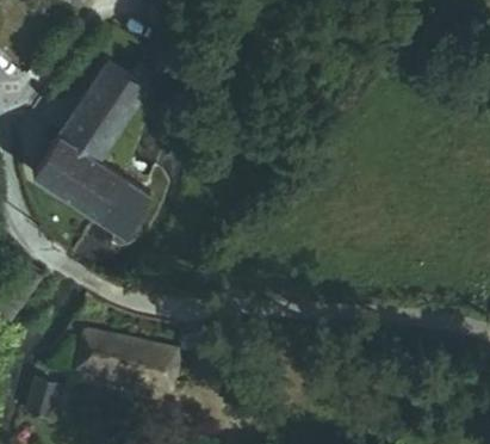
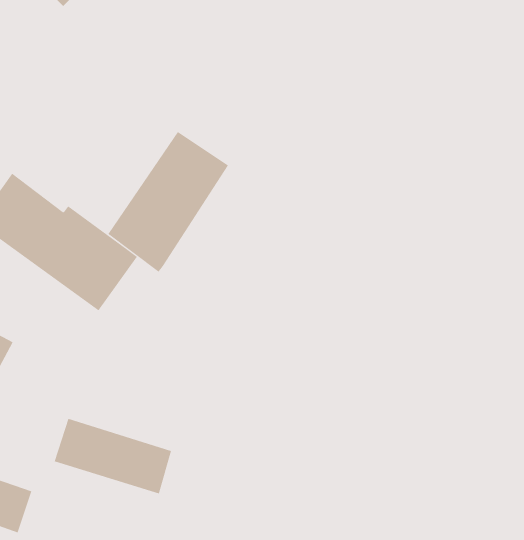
building: [52,57,145,166] -> [107,131,229,273]

